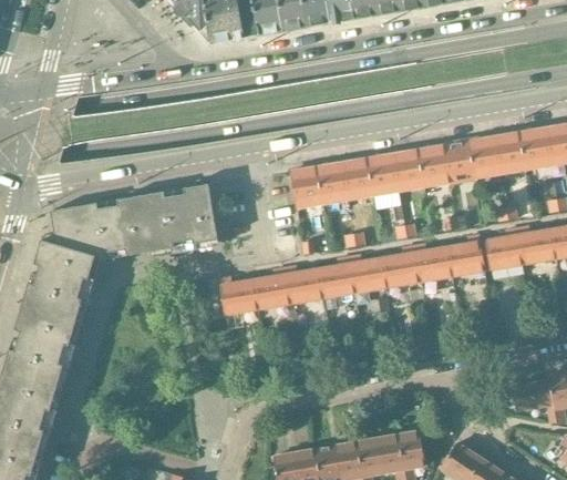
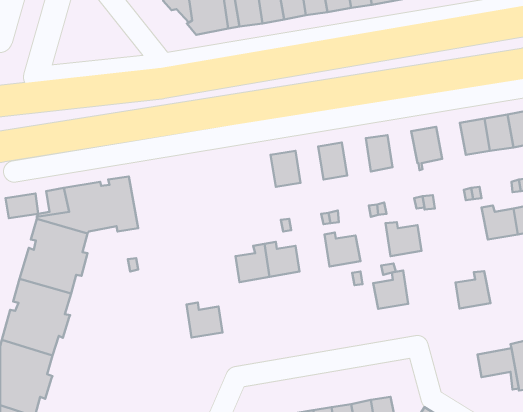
building: [467,137,499,176] -> none
building: [415,146,447,185] -> none
building: [367,154,398,194] -> none
building: [317,163,347,202] -> none
building: [138,183,217,253] -> none
building: none -> [5,193,38,218]
building: [485,228,523,268] -> [455,271,491,308]
building: [447,234,484,275] -> none
building: [381,245,419,286] -> [373,271,408,309]
building: [317,257,353,297] -> none
building: [218,276,257,314] -> [186,302,223,338]

